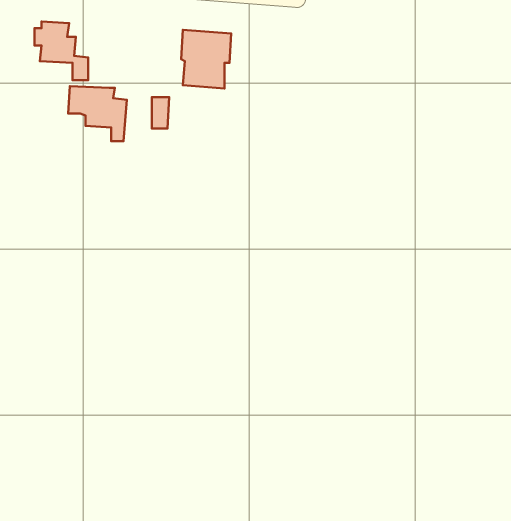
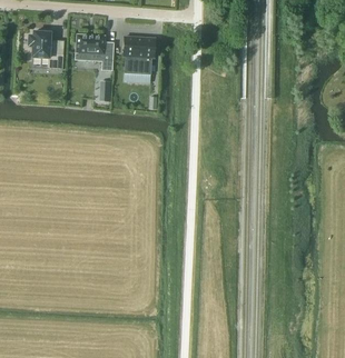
building: [68,86,127,141] -> [75,33,112,69]

